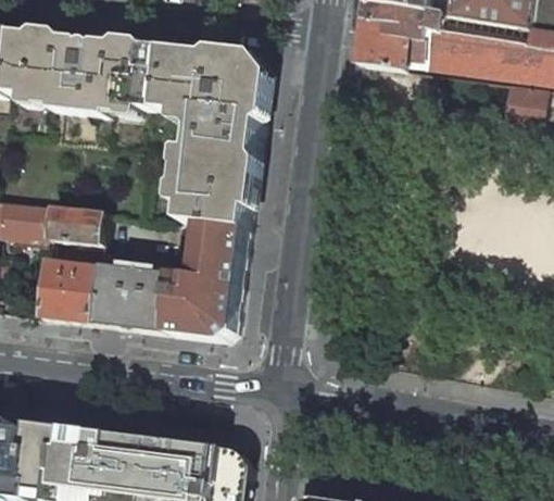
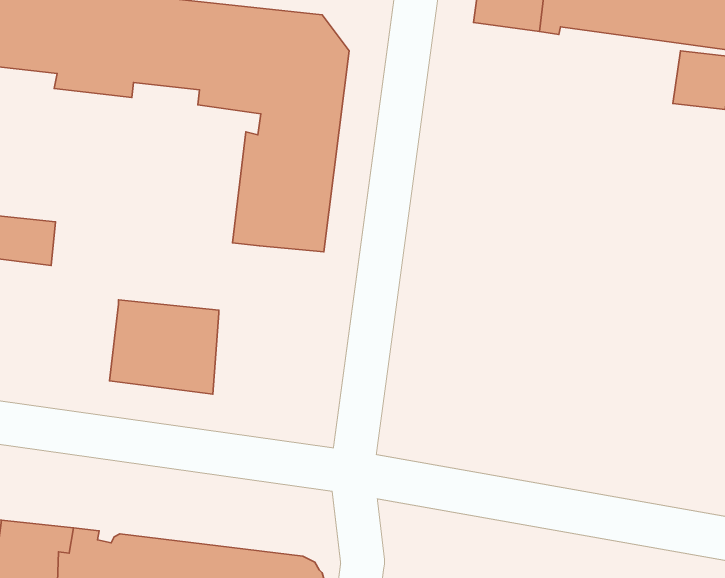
building: [43,205,98,242] -> none
building: [161,223,241,338] -> none
building: [34,259,92,321] -> none

